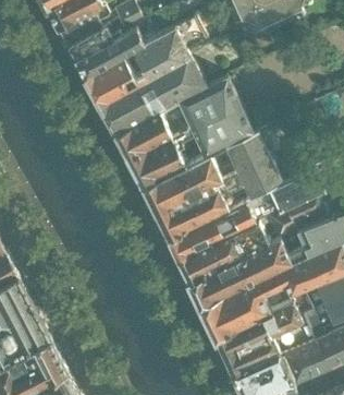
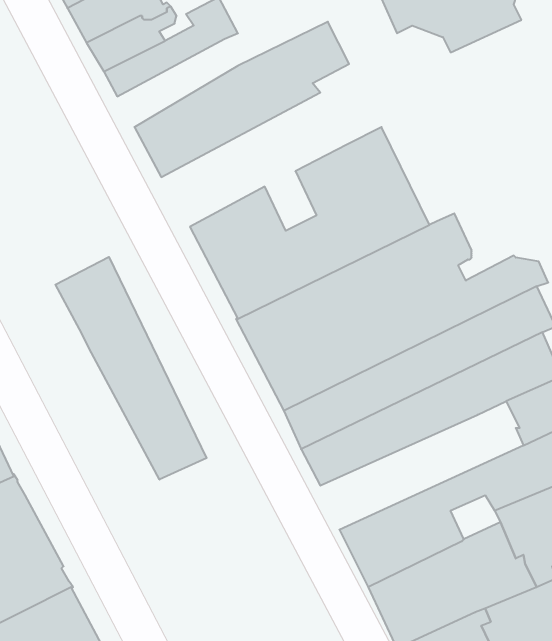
building: [75,27,144,77] -> none
building: [100,58,206,134] -> none
building: none -> [55,257,207,480]
building: [189,241,306,307] -> none

